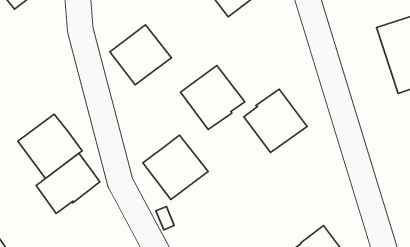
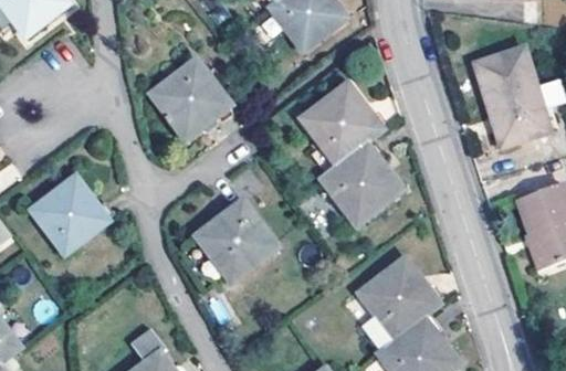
building: [180,65,245,130] -> [298,81,380,162]
building: [36,153,100,213] -> none
building: none -> [356,256,436,337]

